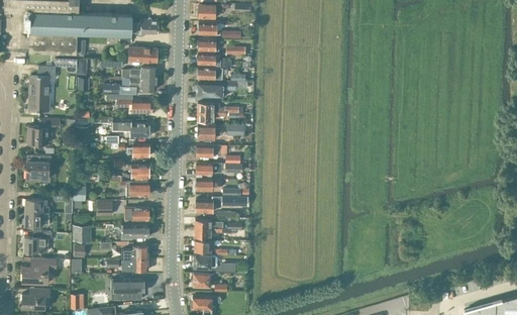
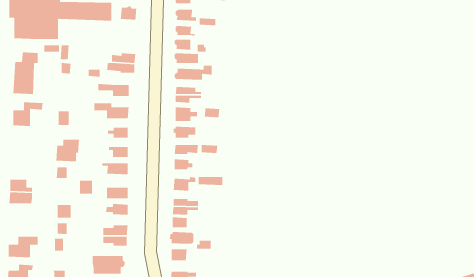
building: [127,46,157,62] -> none
building: [25,155,50,180] -> [56,139,80,162]
building: [23,232,50,253] -> none

